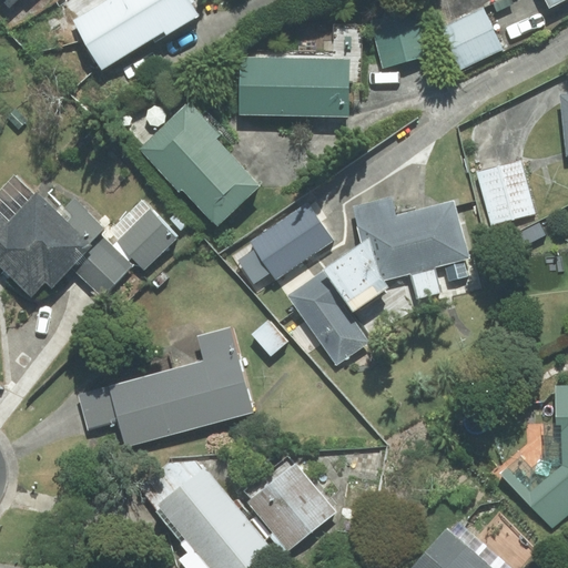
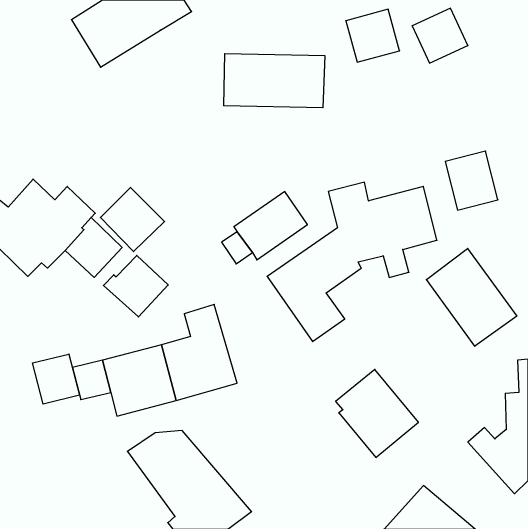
building: [138,102,258,225] -> none
building: none -> [426,248,517,346]
building: none -> [103,255,168,317]
building: none -> [33,354,80,404]
building: [244,456,333,550] -> [336,369,418,457]

